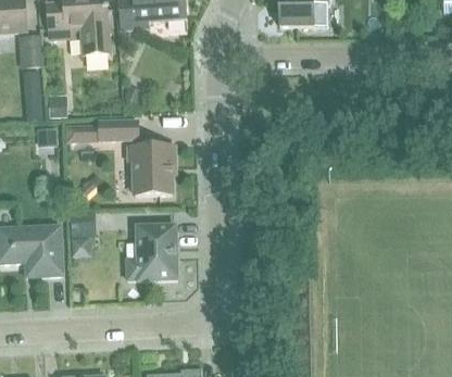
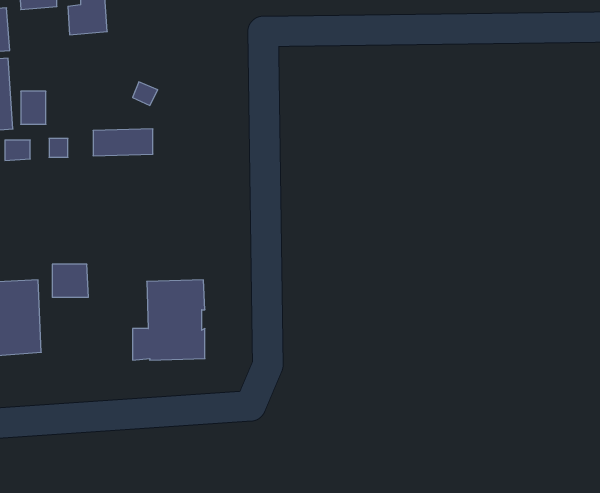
building: [127,146,174,196] -> none

